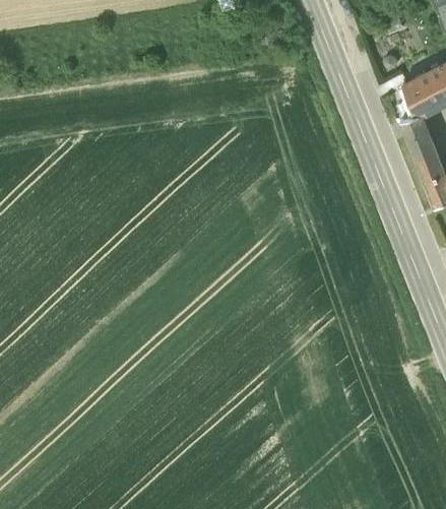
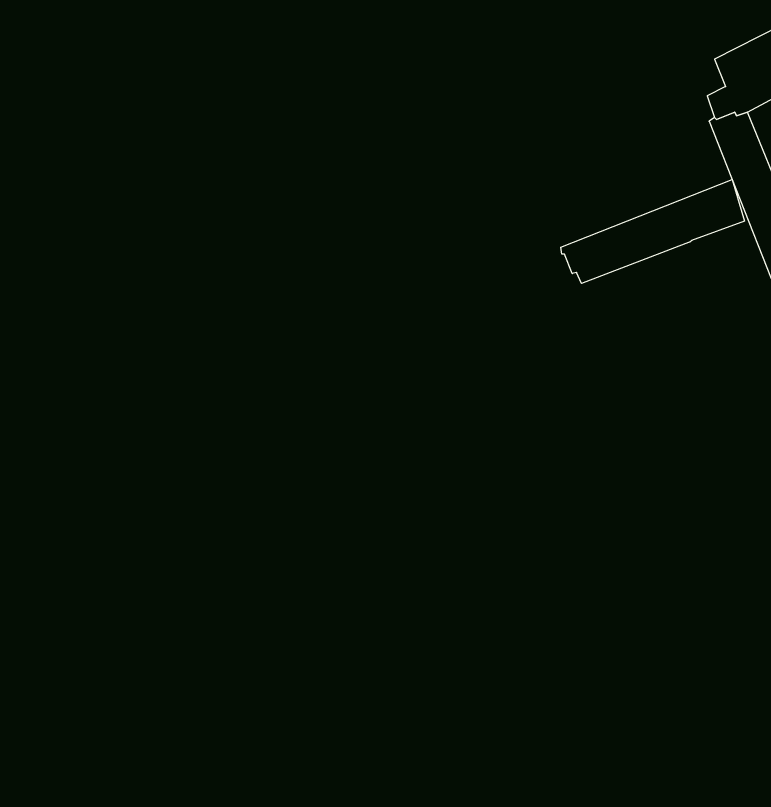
building: none -> [561,180,744,283]

